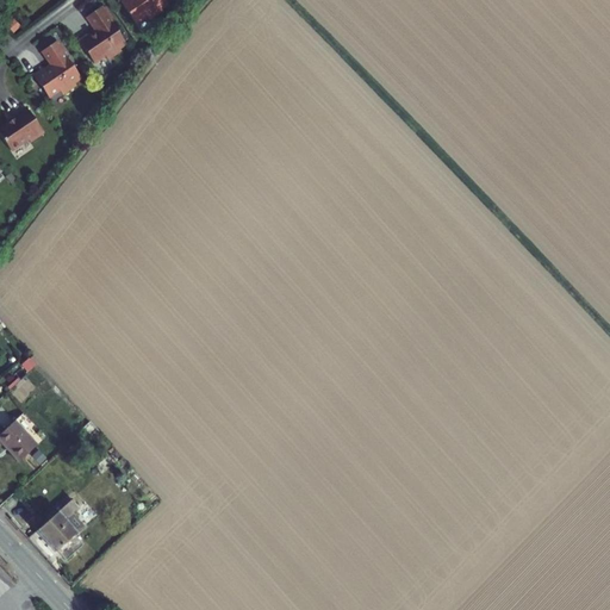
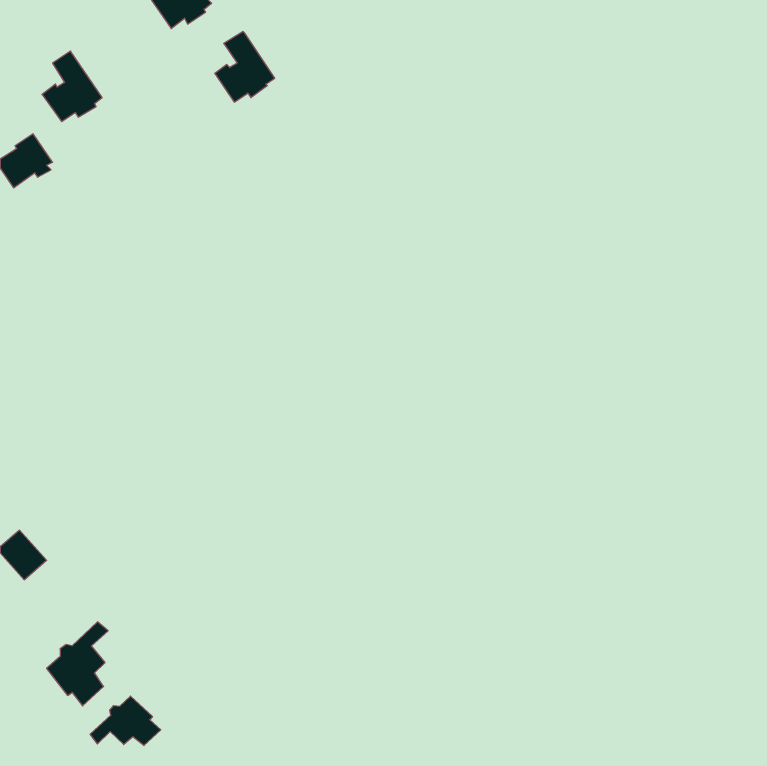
building: [79,6,126,62] -> [215,32,275,102]
building: none -> [90,696,161,746]

